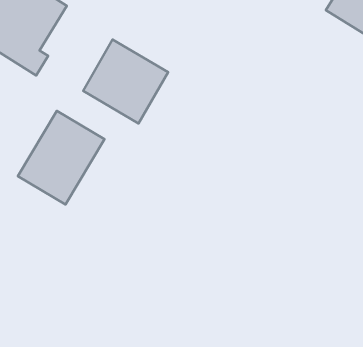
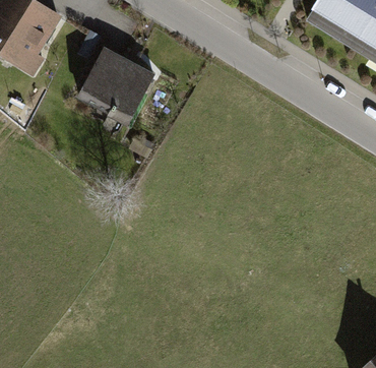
building: [18,111,104,204] -> none

